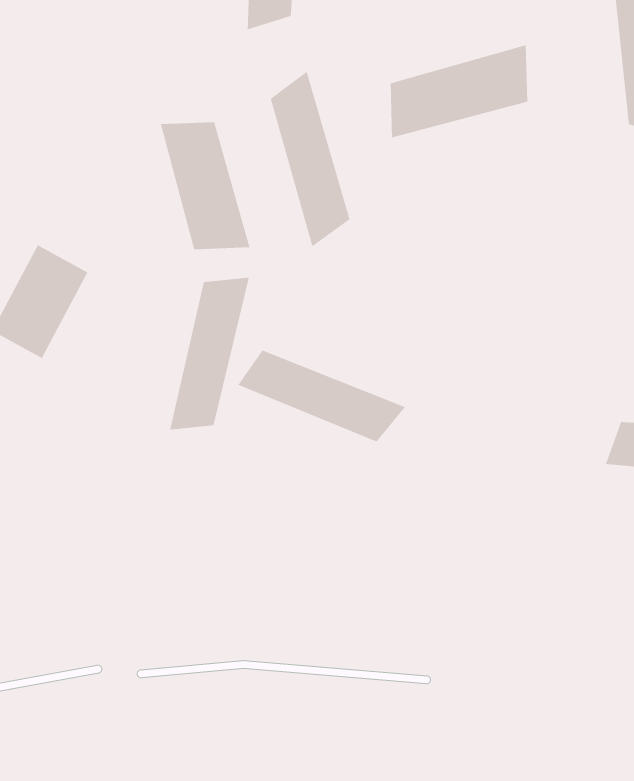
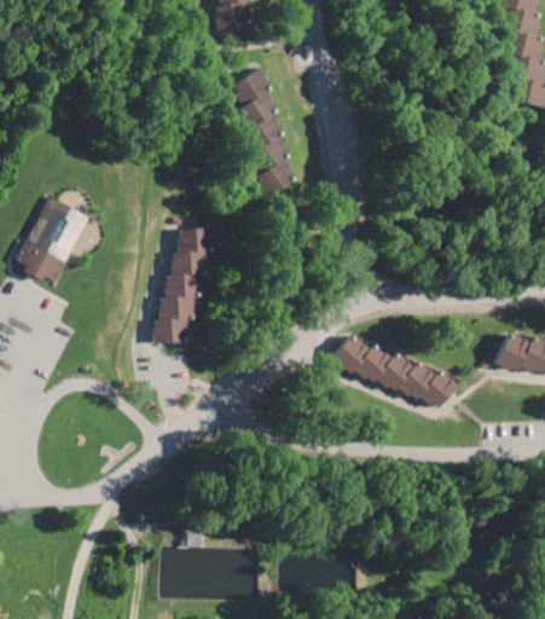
building: [390,44,528,139] -> none
building: [160,121,250,250] -> none
building: [237,350,406,443] -> [330,337,462,410]

